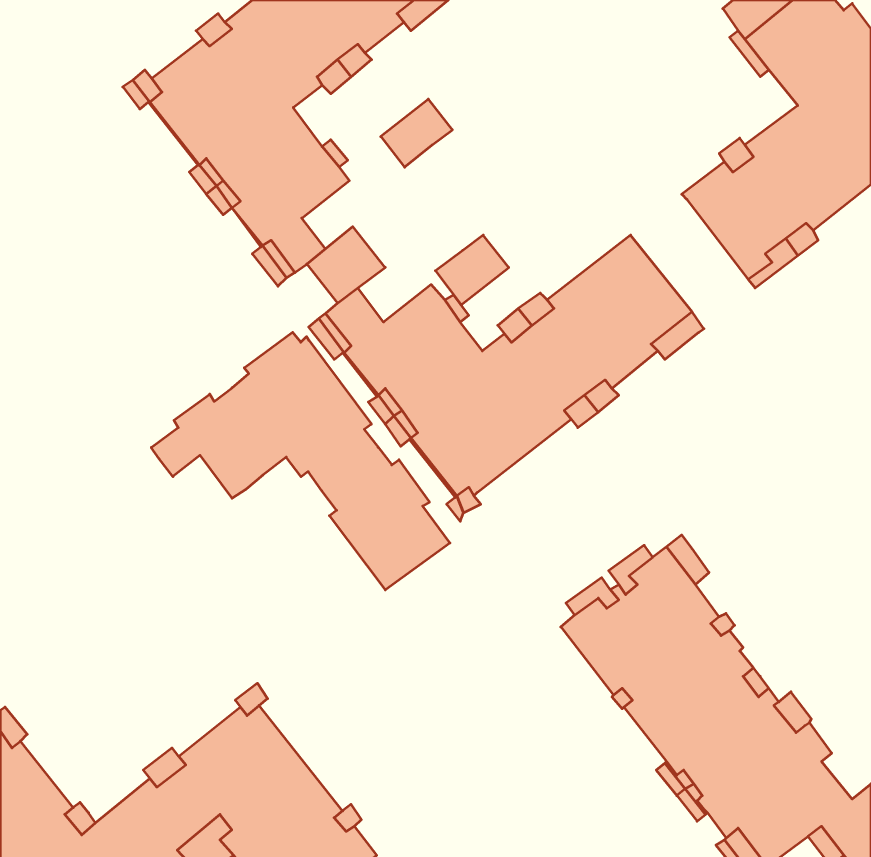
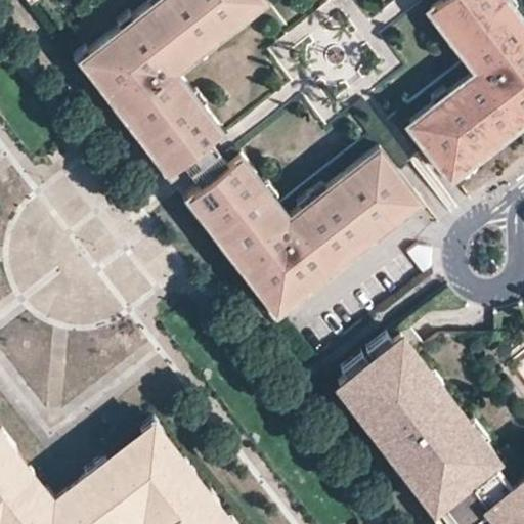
building: [381,99,452,167] -> [181,117,224,158]
building: [435,235,509,305] -> [215,160,259,202]
building: [151,332,450,590] -> none

